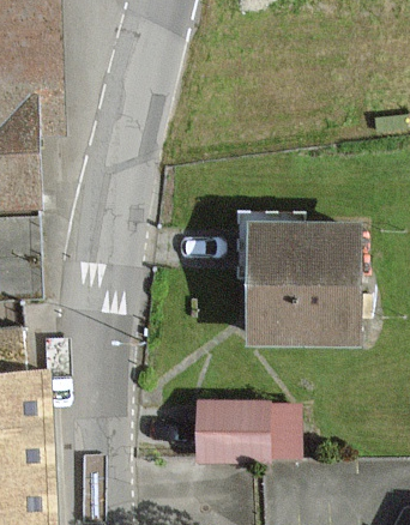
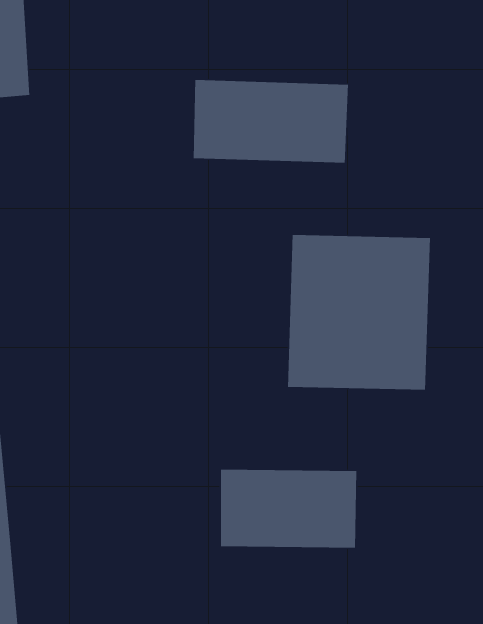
building: none -> [193,79,349,164]

